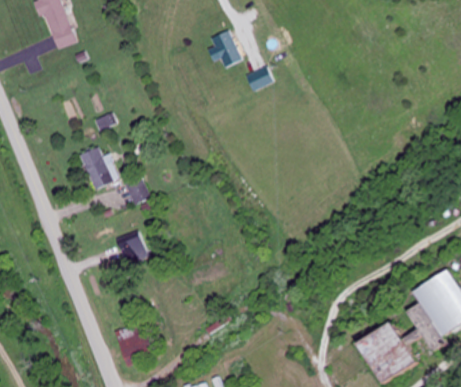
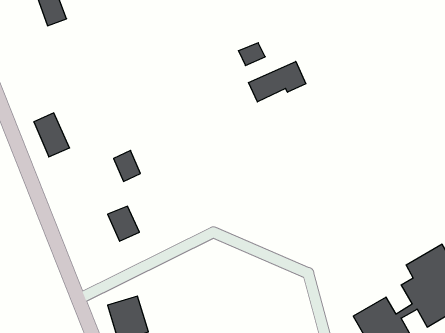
building: [210,29,241,67] -> none
building: none -> [249,61,306,102]
building: [78,145,114,189] -> [34,113,70,157]

